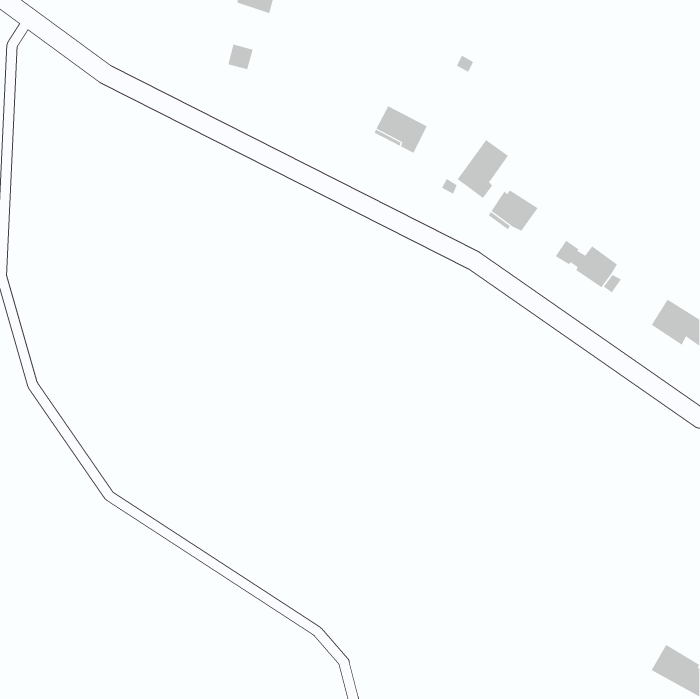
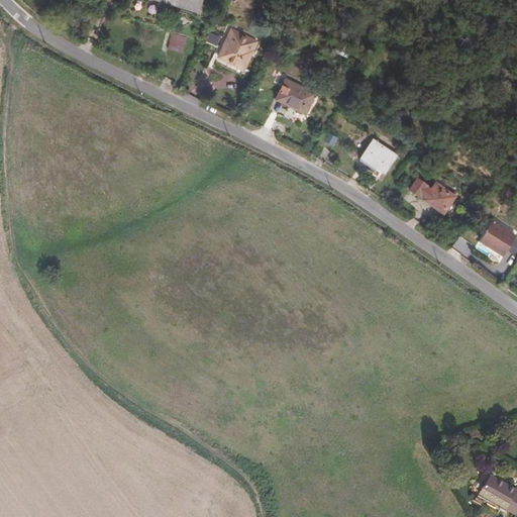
building: none -> [218,28,257,69]
building: [457,139,509,199] -> none

